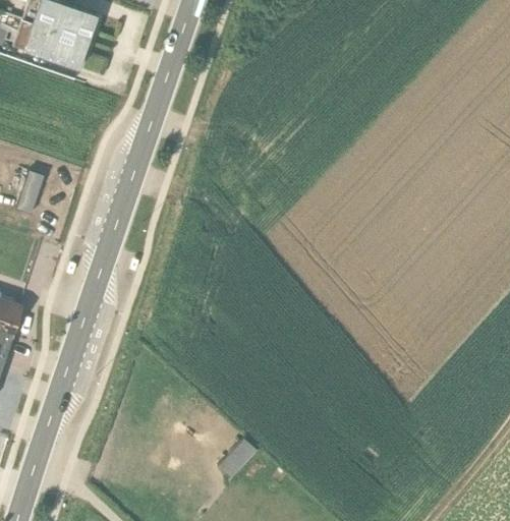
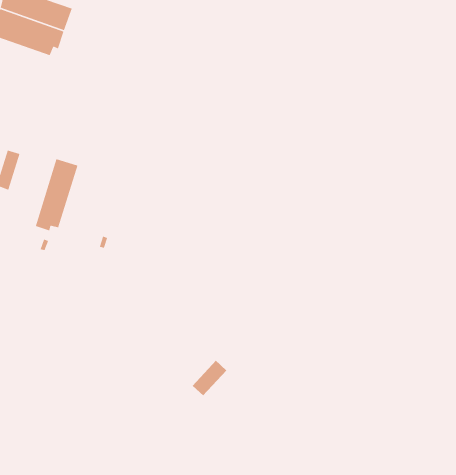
building: none -> [35,158,78,232]
building: [217,440,254,478] -> [192,360,227,396]

